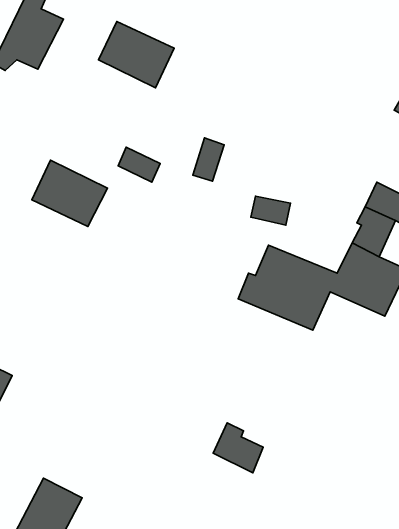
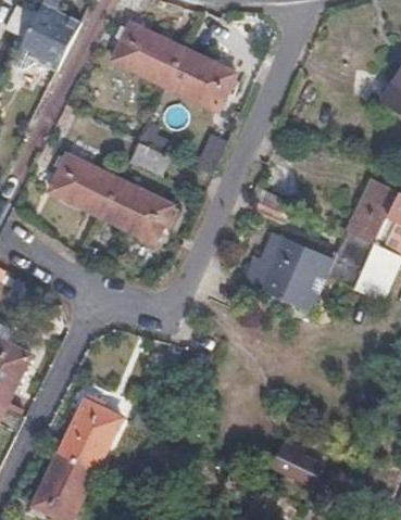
building: none -> [164,49,236,112]
building: none -> [101,179,173,241]
building: [213,423,263,473] -> [280,440,327,486]
building: none -> [60,398,122,468]

